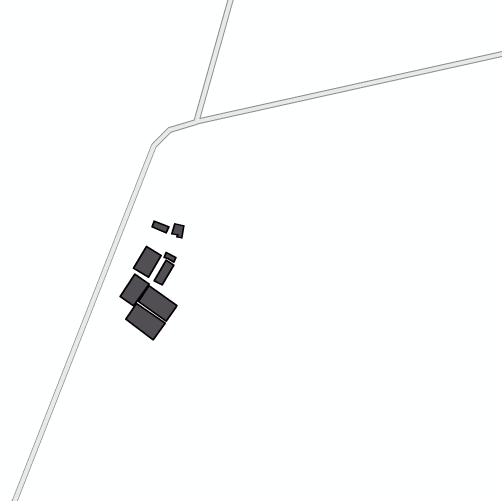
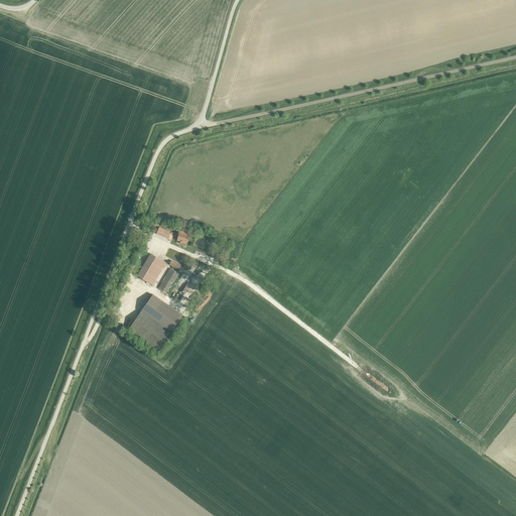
building: [120,274,149,306] -> none

